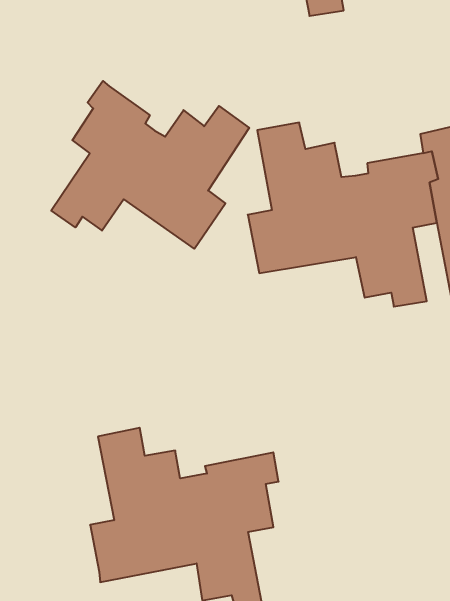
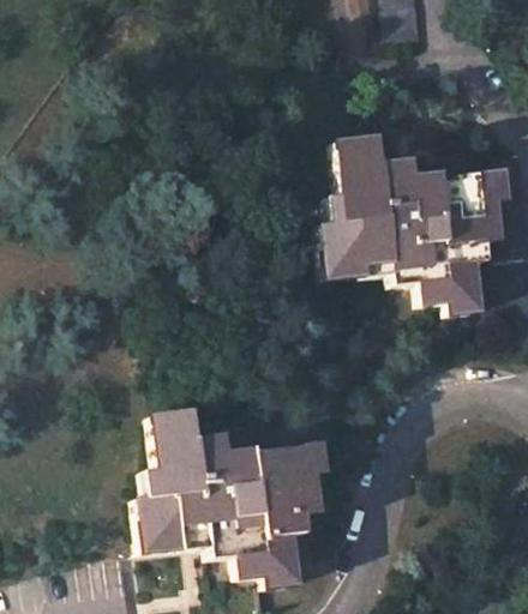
building: [51,81,249,249] -> none

